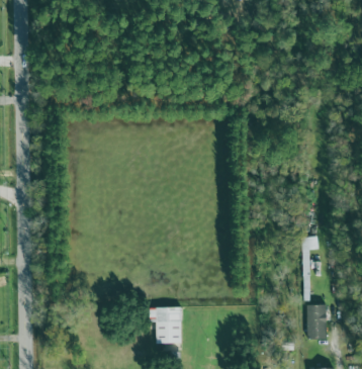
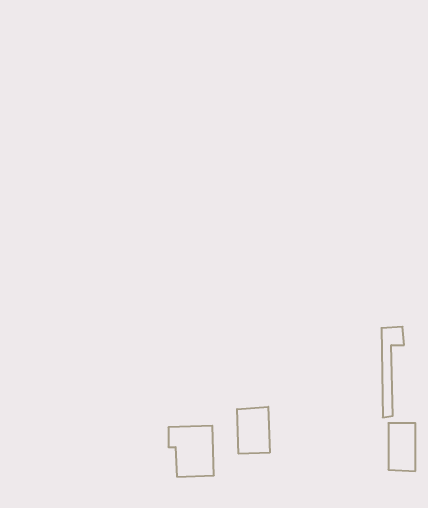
building: none -> [237,407,270,454]

